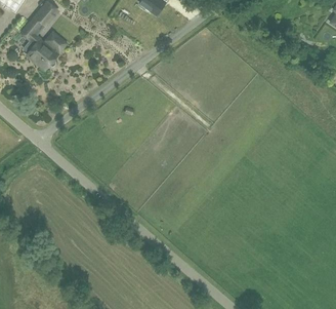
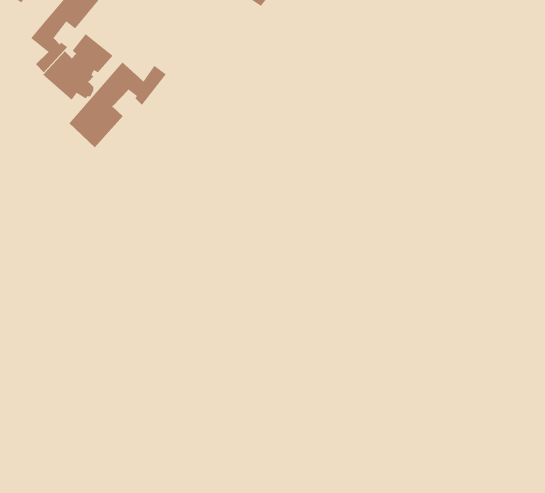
building: none -> [69,62,167,148]

